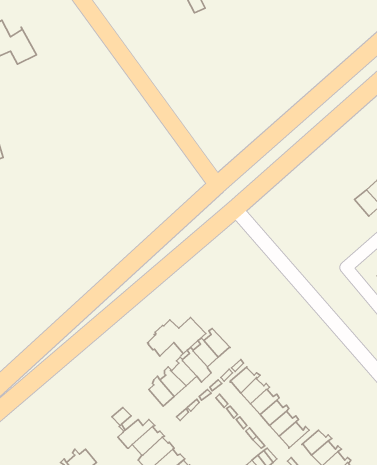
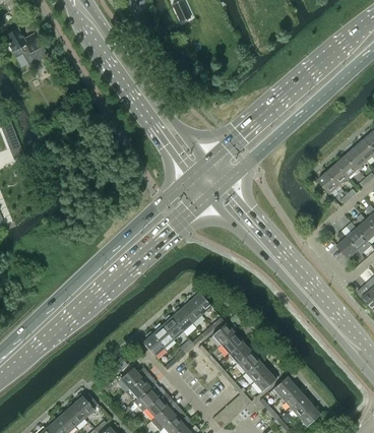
building: [147,318,206,356] -> none

